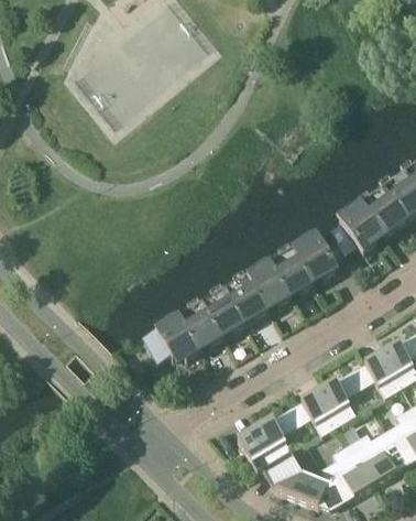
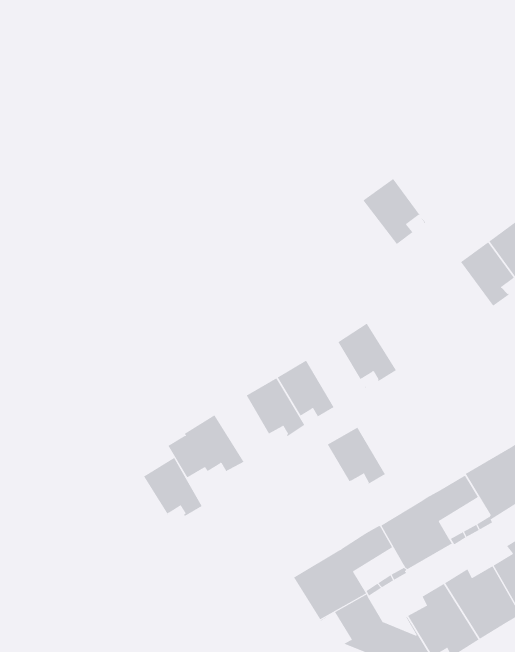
building: [339,204,386,253] -> [363,178,426,245]
building: [293,229,344,284] -> none
building: [248,263,292,312] -> [327,427,386,492]
building: [179,303,223,352] -> [143,457,202,524]

